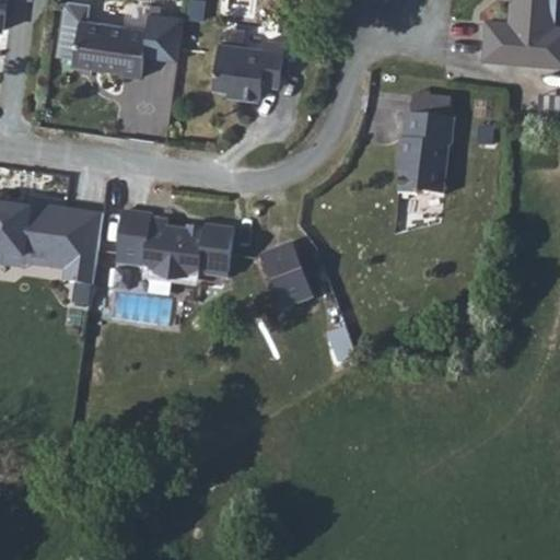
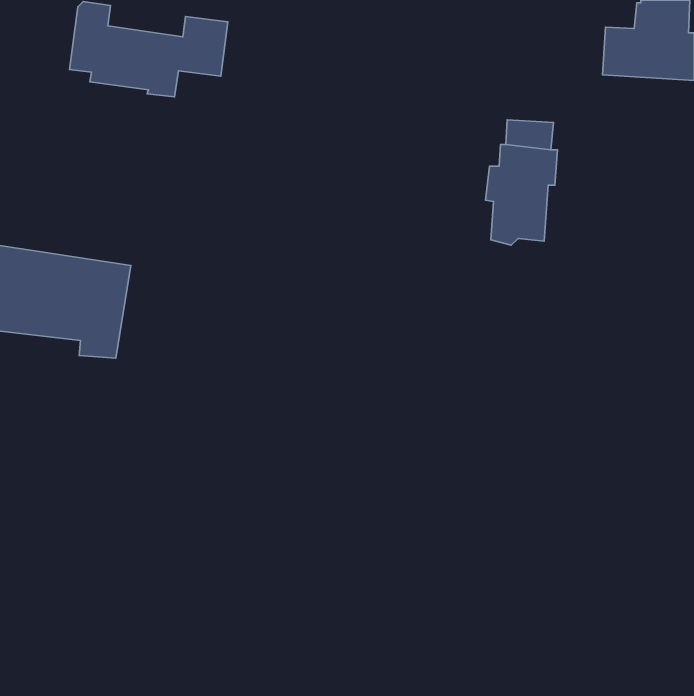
building: [212,40,284,101] -> none
building: [115,209,235,283] -> none
building: [265,240,312,307] -> none

